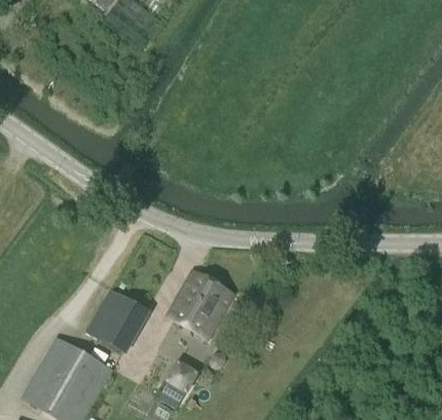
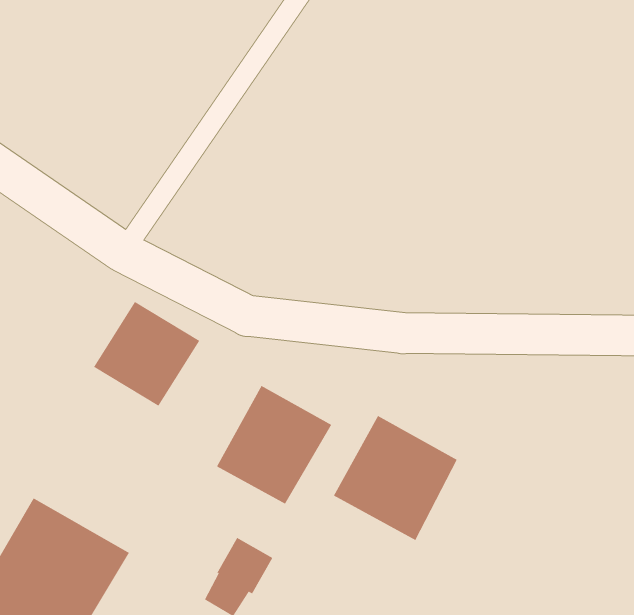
building: none -> [333,415,457,541]
building: [85,292,149,354] -> [93,301,200,407]

